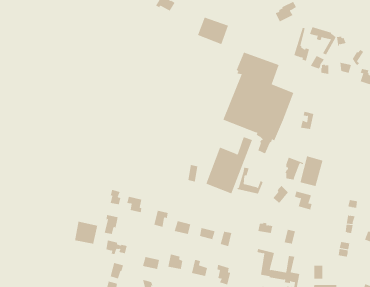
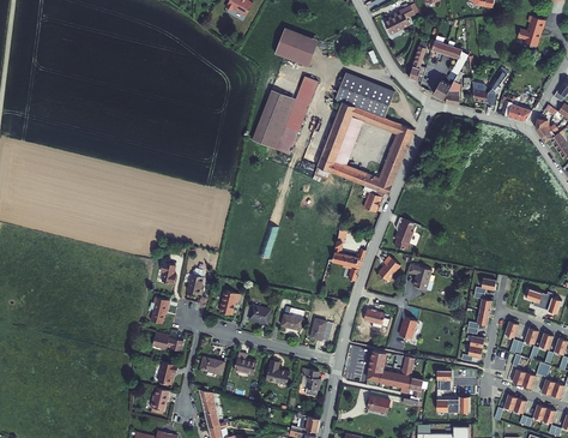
building: [206,136,253,194] -> [254,74,319,154]
building: [300,156,323,187] -> none
building: [75,221,98,245] -> none

